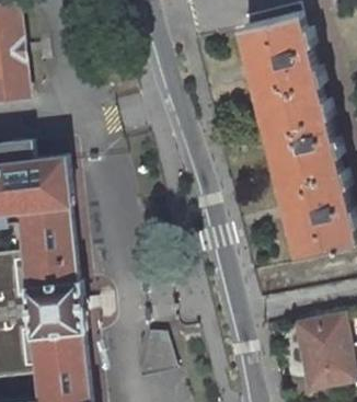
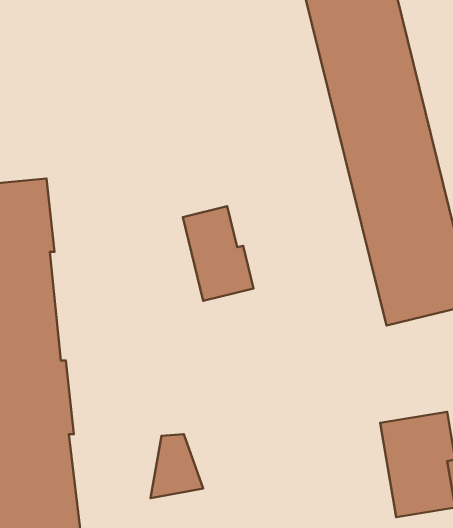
building: none -> [183,206,254,301]

